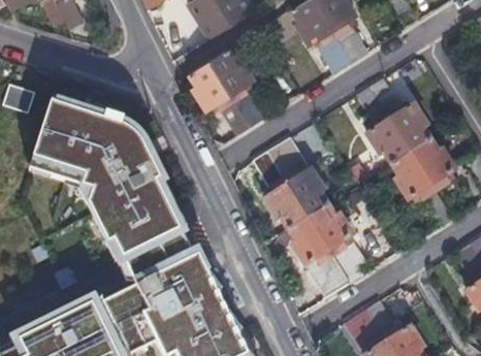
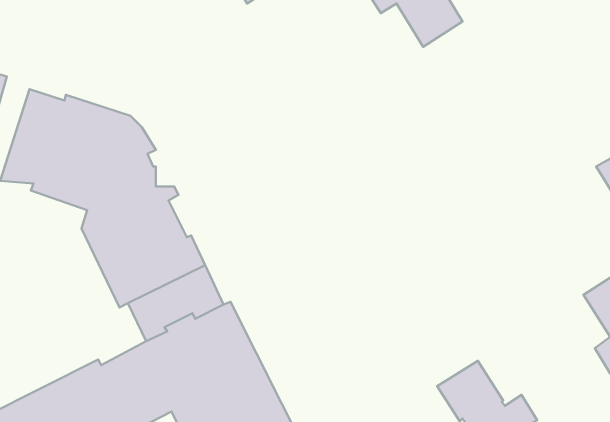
building: [190,50,269,134] -> none
building: [357,79,457,224] -> none
building: [253,136,363,297] -> none

